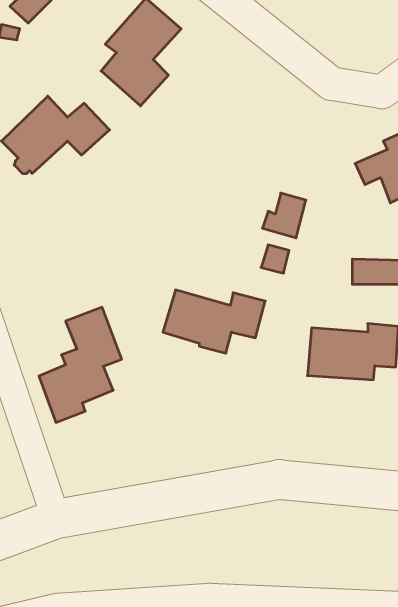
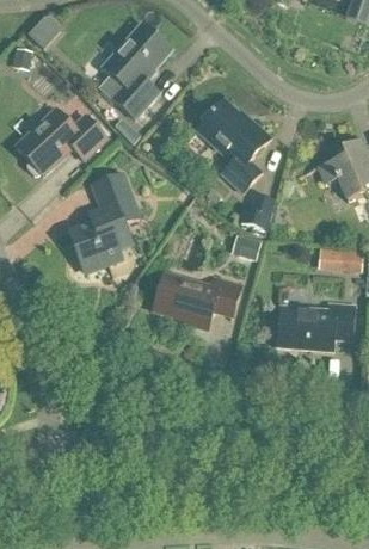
building: none -> [196,99,270,192]
building: [39,307,122,422] -> [68,172,139,270]

